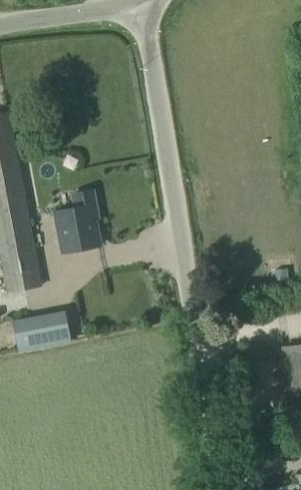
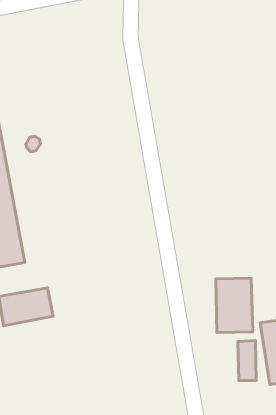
building: [52,189,99,252] -> none
building: none -> [216,278,253,333]

